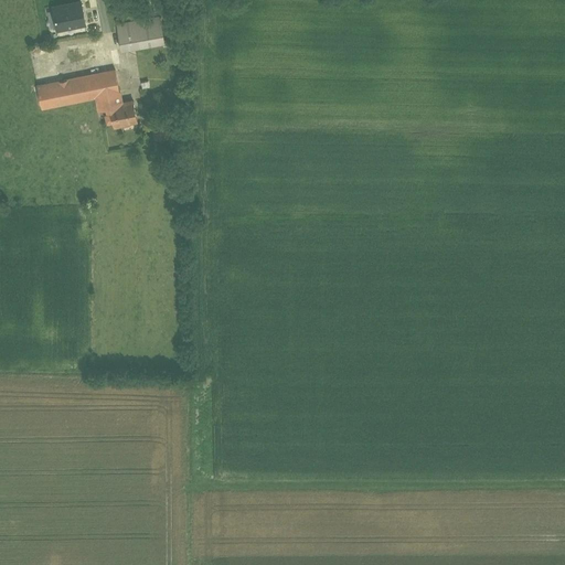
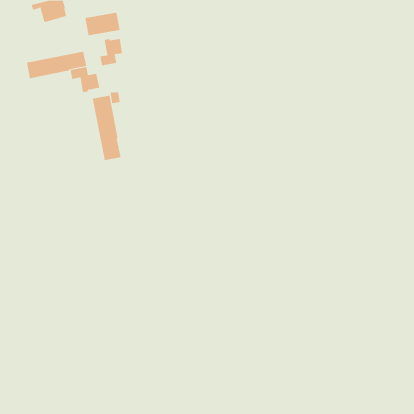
building: none -> [100,38,122,66]
building: none -> [92,95,121,161]

